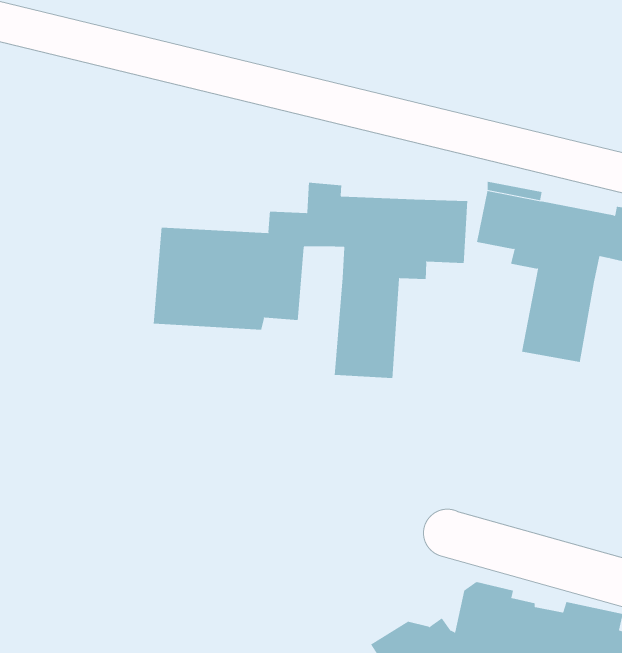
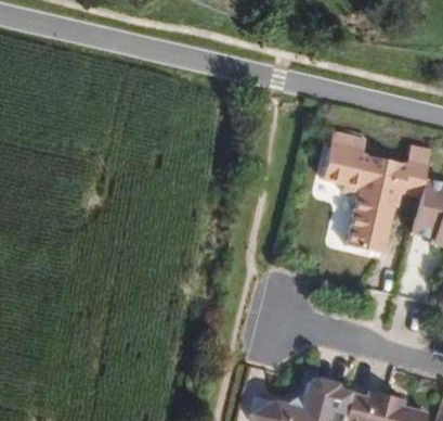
building: [153,182,468,379] -> none

